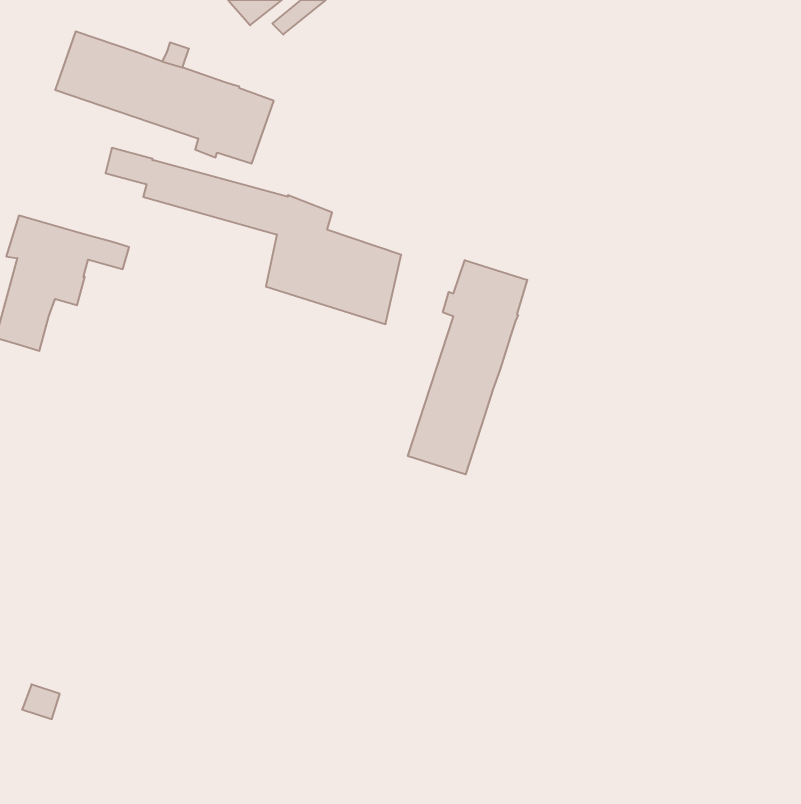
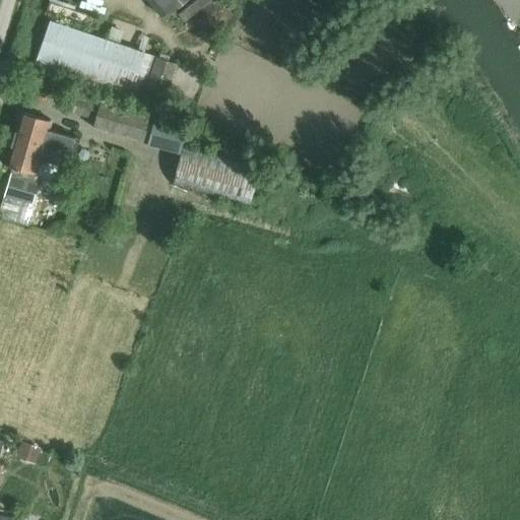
building: none -> [12,113,78,156]
building: [408,260,527,474] -> none

